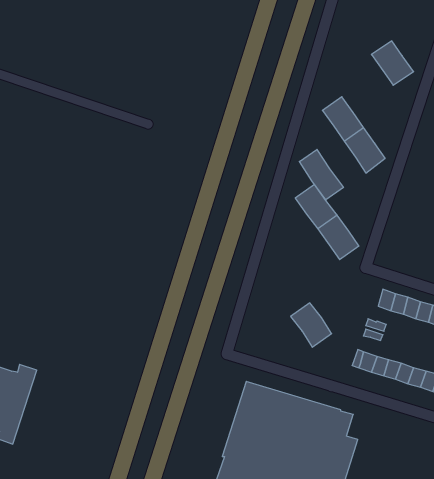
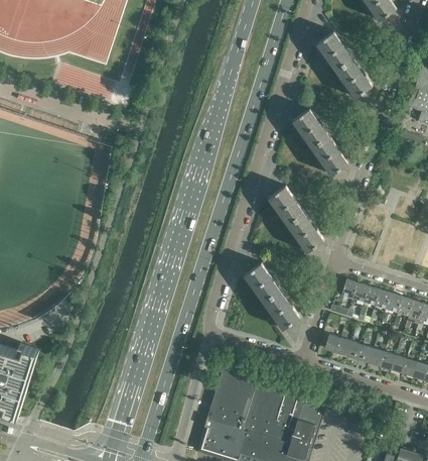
building: none -> [316,32,353,72]
building: [299,149,343,200] -> none
building: none -> [245,263,281,304]

